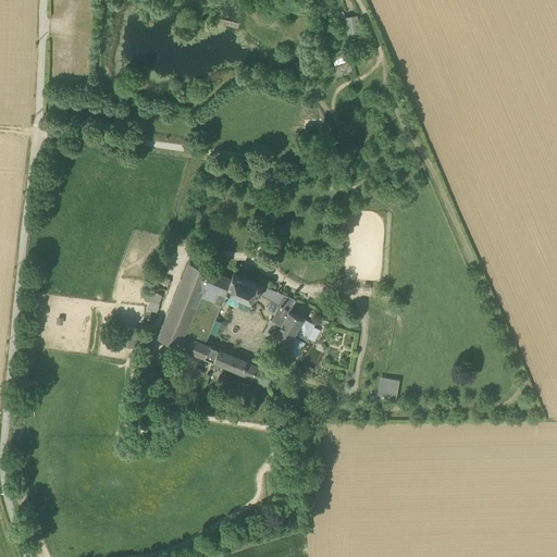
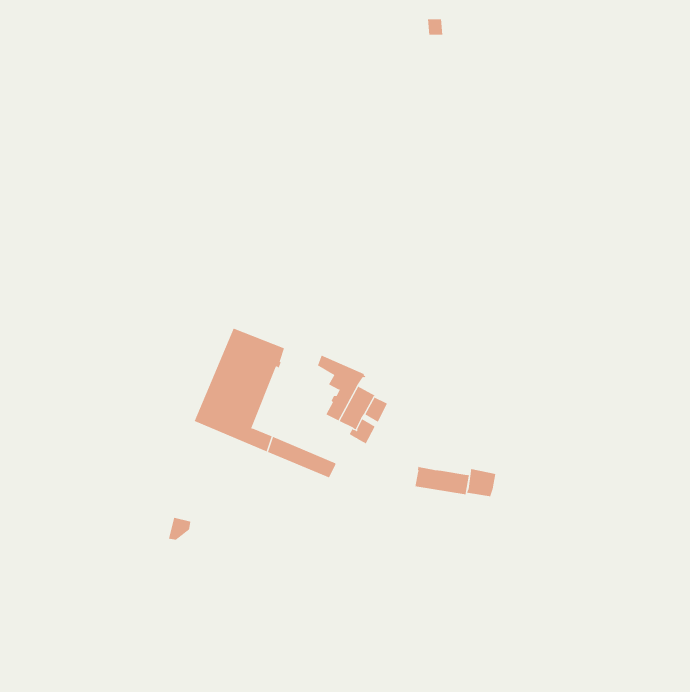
building: [225,274,258,301] -> none
building: none -> [415,466,469,495]

